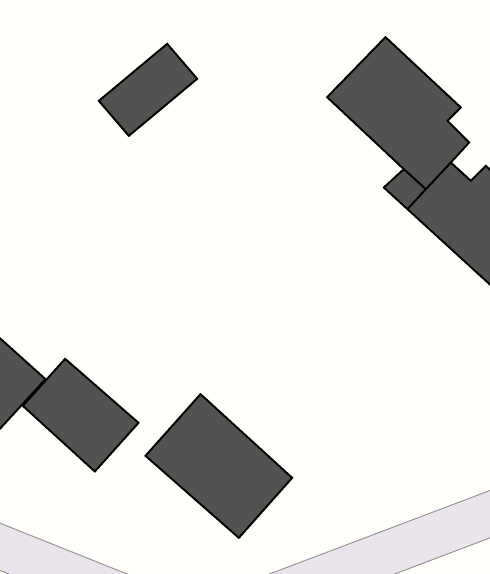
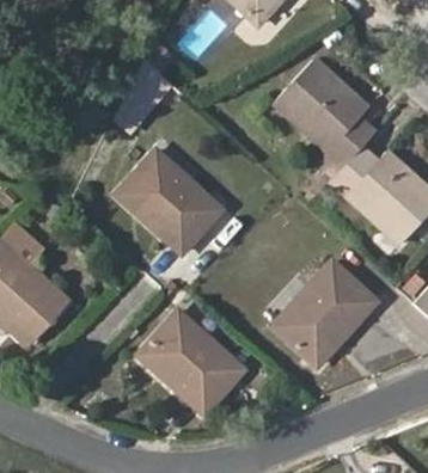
building: none -> [117,150,222,253]
building: none -> [273,258,377,363]
building: [23,359,138,472] -> none

